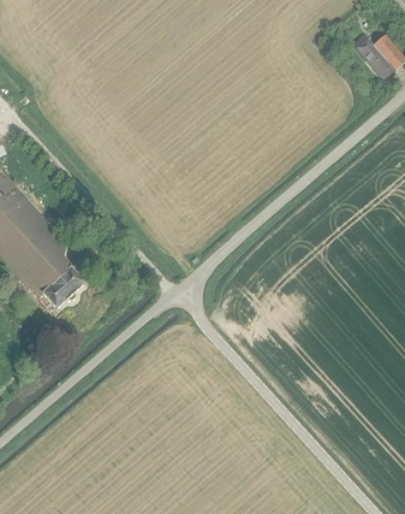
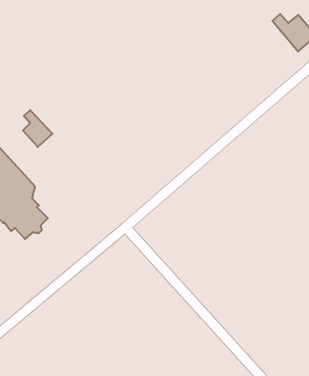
building: none -> [23,110,53,147]

